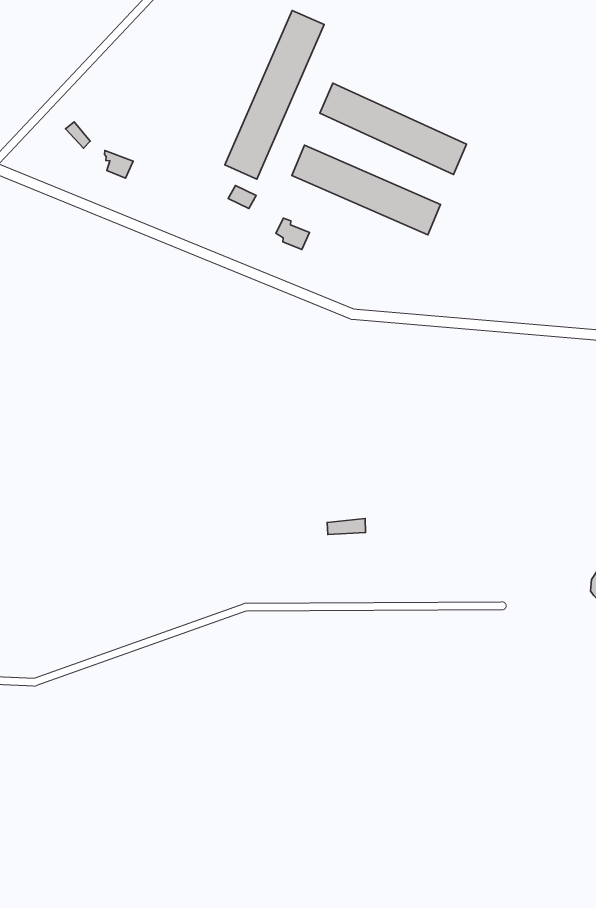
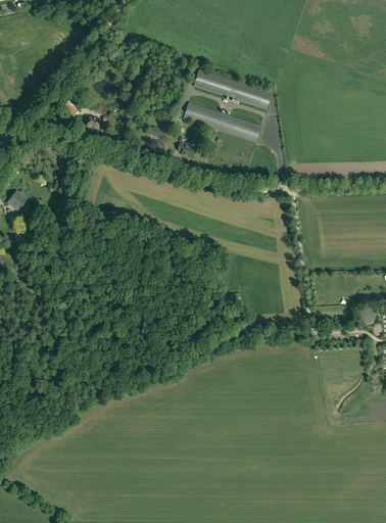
building: [225,10,324,179] -> none

